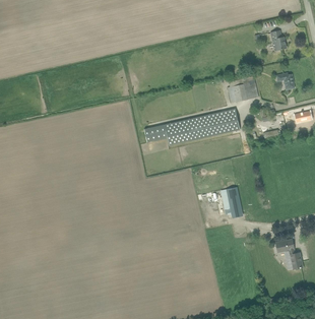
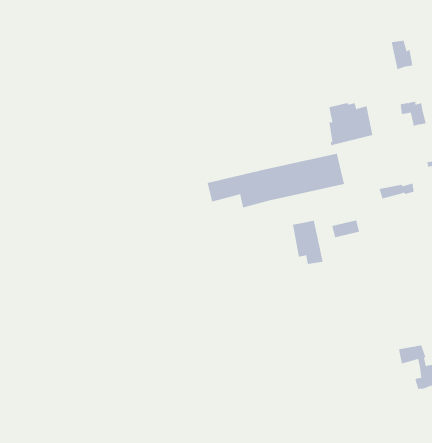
building: [222,187,243,217] -> [292,220,323,265]

